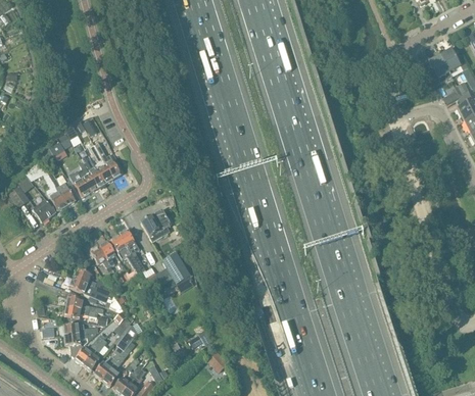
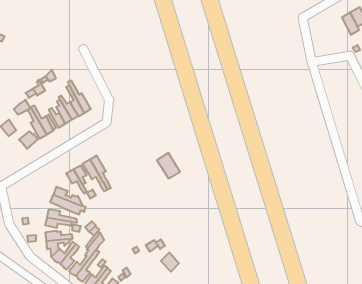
building: [141,211,170,242] -> none
building: [161,251,190,283] -> [157,153,180,178]

